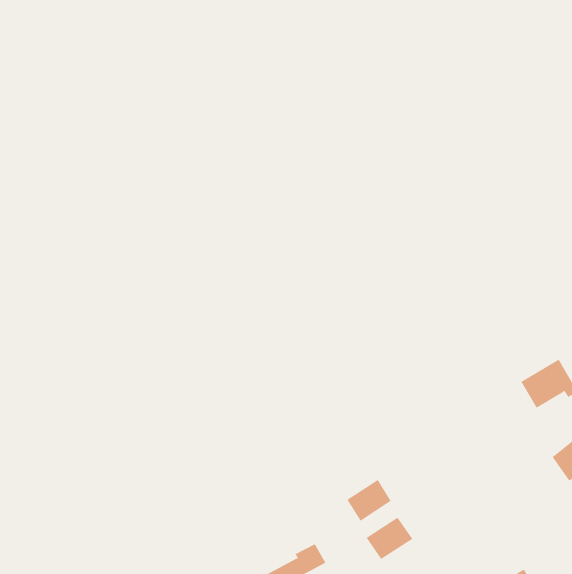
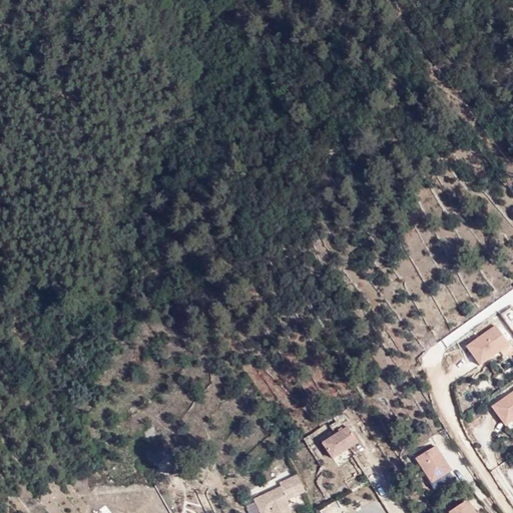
building: none -> [417,444,454,488]
building: [366,517,413,560] -> none

